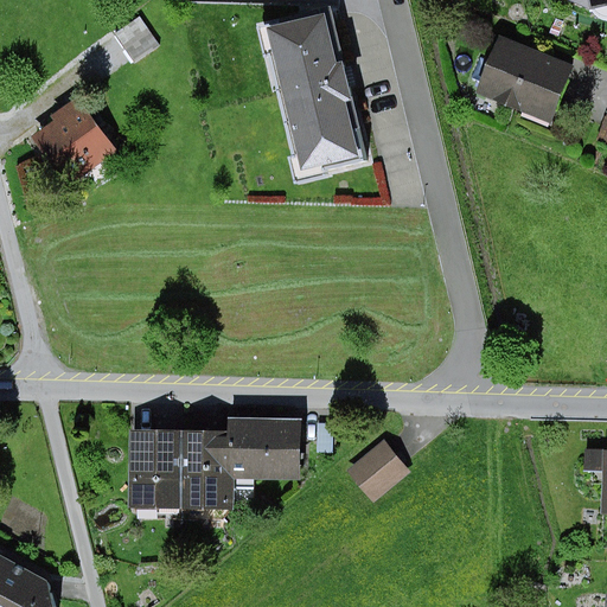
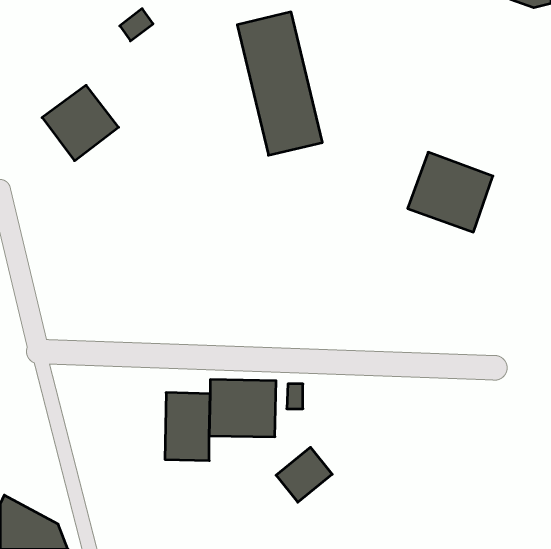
building: [478,39,571,127] -> [408,152,493,232]
building: [132,430,183,505] -> none
building: [346,439,408,499] -> [276,447,332,502]

